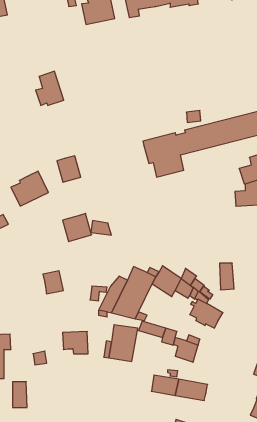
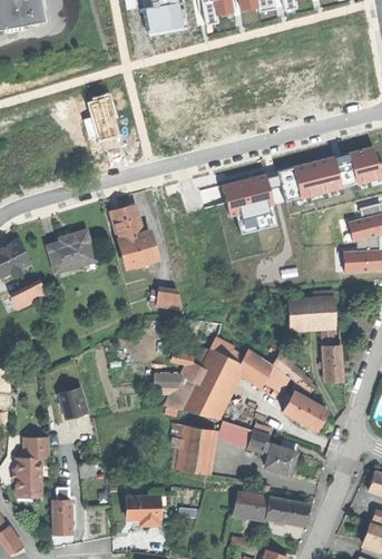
building: [63,213,92,242] -> [118,232,156,268]
building: none -> [287,298,339,330]
building: [43,271,63,294] -> [59,390,86,420]
building: [63,332,88,354] -> [126,497,159,526]

